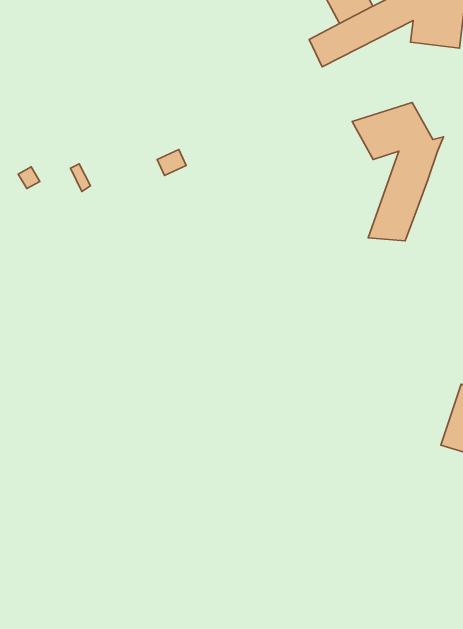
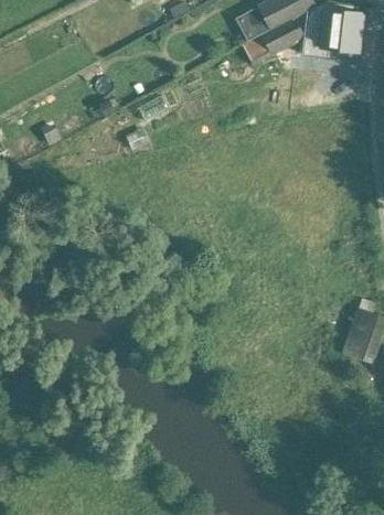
building: [352,102,443,241] -> none

